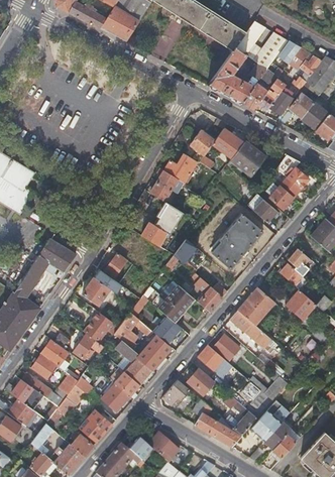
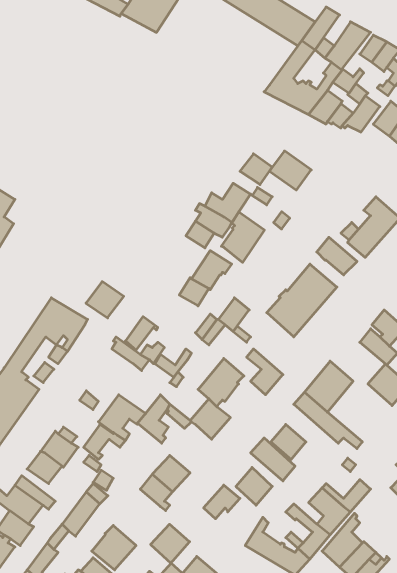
building: [230,142,263,174] -> none
building: none -> [221,212,264,262]
building: [82,277,110,305] -> [86,282,124,318]
building: [137,334,172,371] -> none
building: [101,382,130,411] -> [151,524,190,563]

